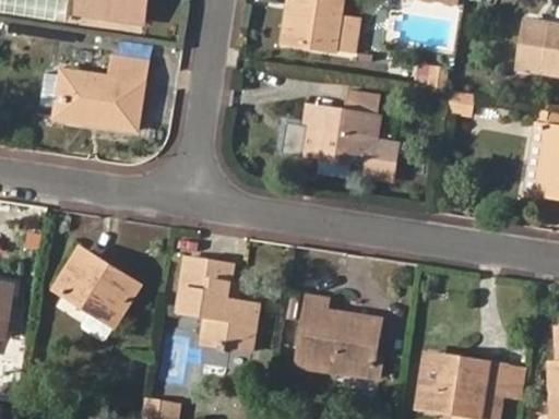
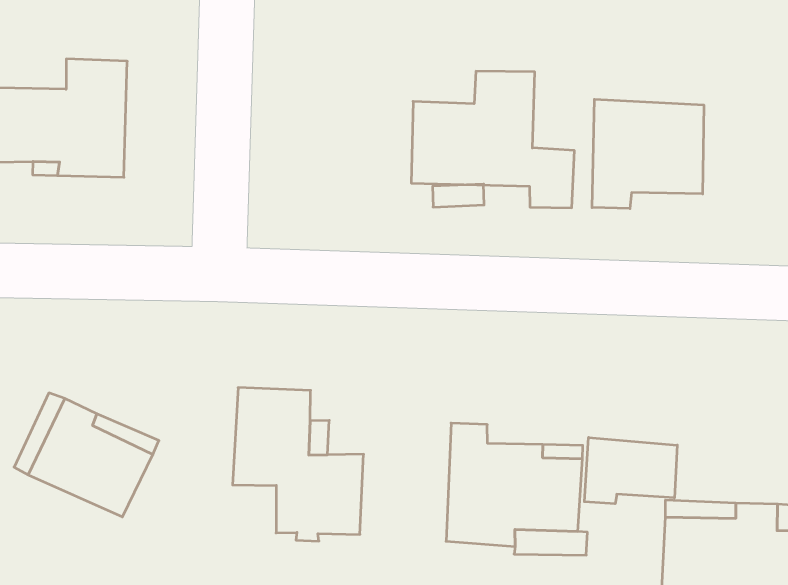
building: none -> [592,99,704,209]
building: none -> [584,437,677,504]

